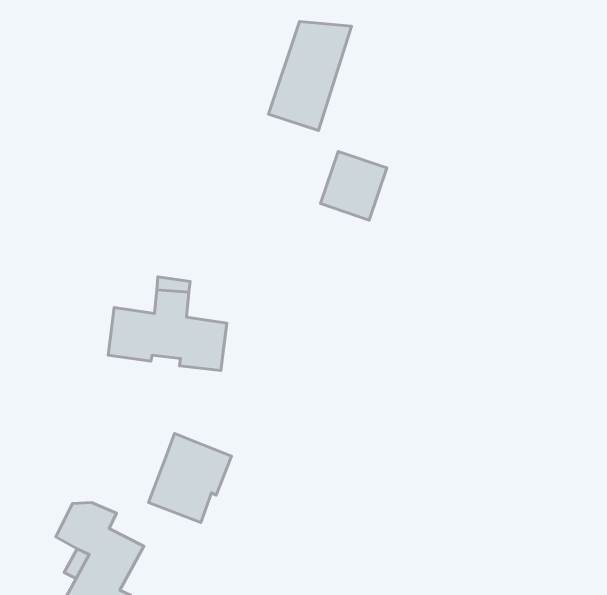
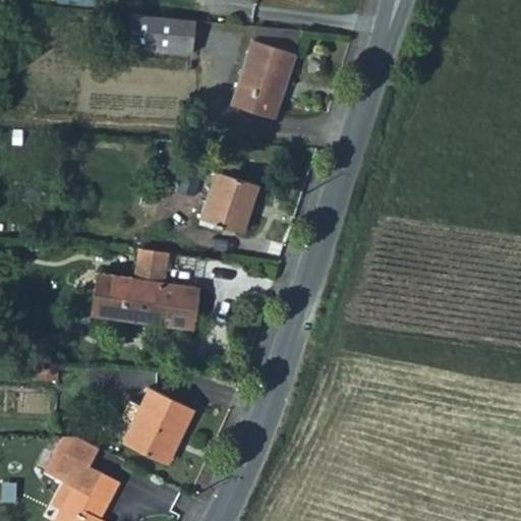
building: none -> [129,17,195,57]
building: [320,151,387,220] -> [200,177,257,236]

